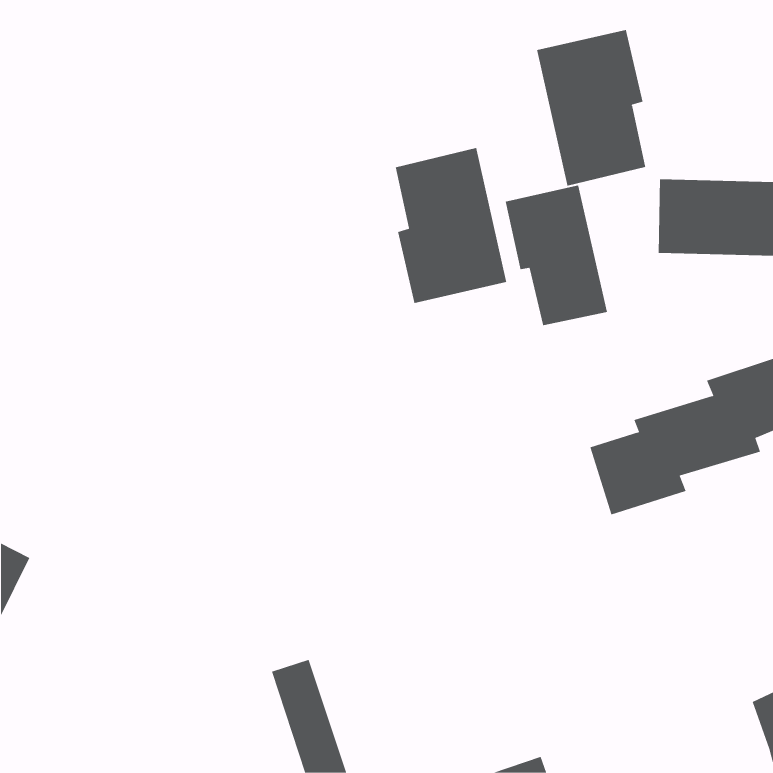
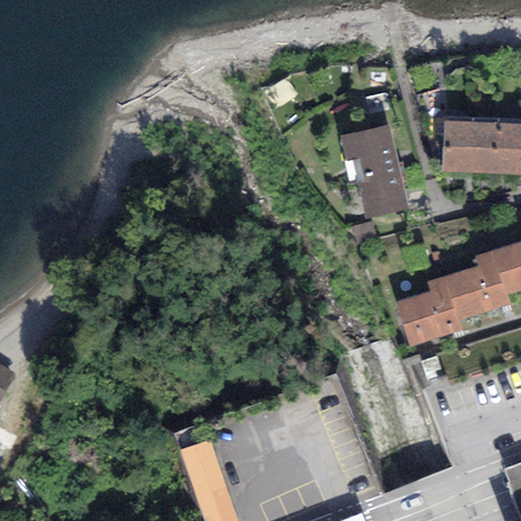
building: [536,29,646,186] -> none
building: [395,147,507,304] -> none

